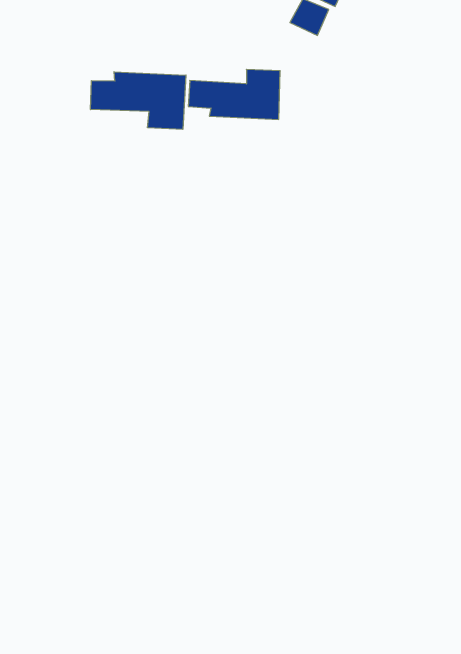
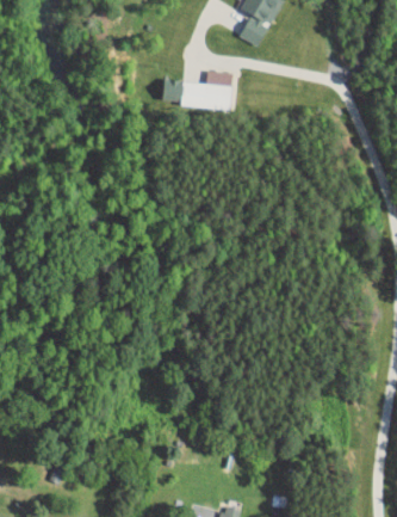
building: [91,72,186,129] -> none

